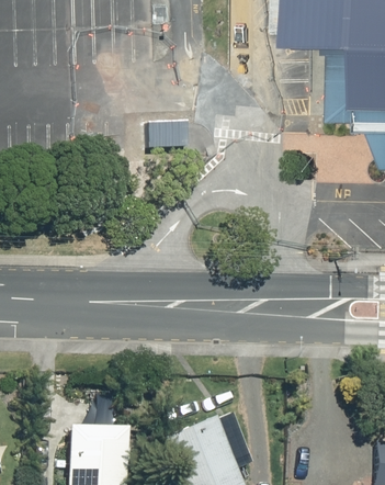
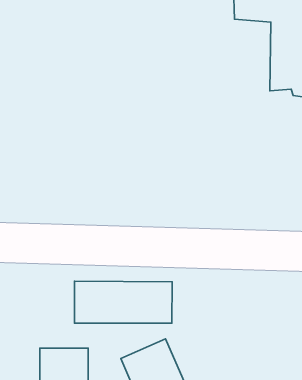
building: none -> [75,281,172,323]

